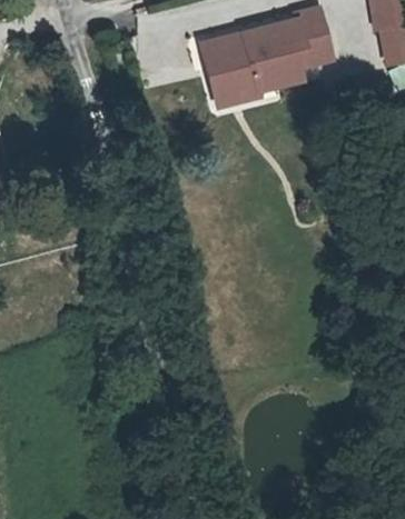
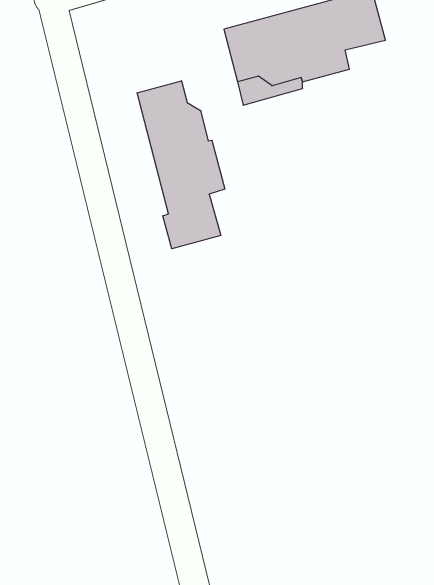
building: none -> [137,81,225,249]

